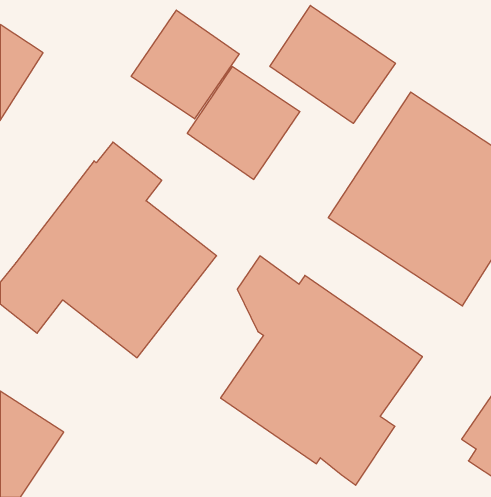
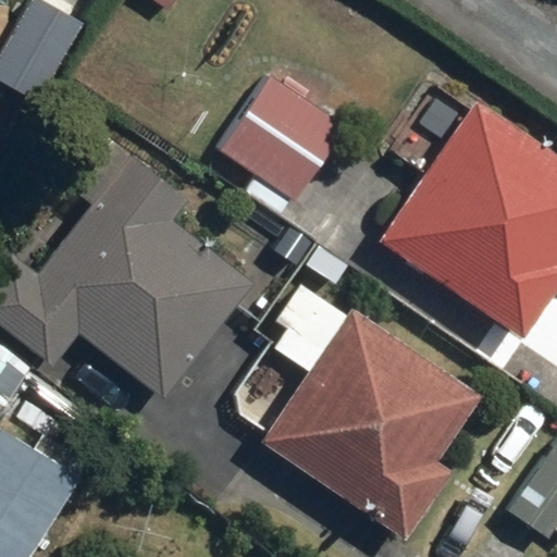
building: [270,5,395,123] -> none
building: [131,10,239,119] -> none

